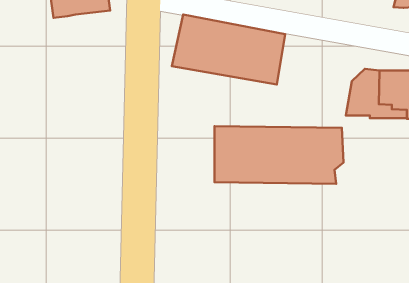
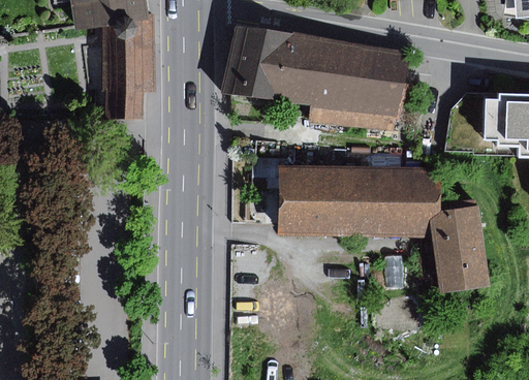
building: none -> [93,19,154,115]
building: none -> [353,50,410,131]
building: none -> [429,205,490,293]

